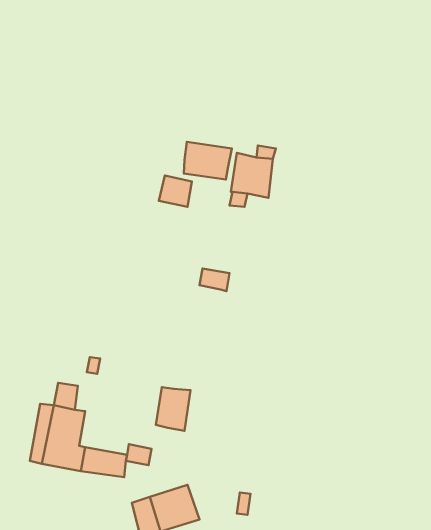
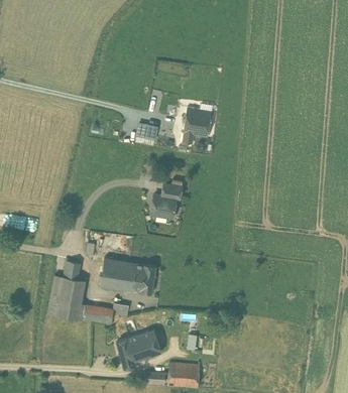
building: [184,142,232,179] -> none
building: none -> [151,194,177,218]
building: none -> [101,258,137,291]

